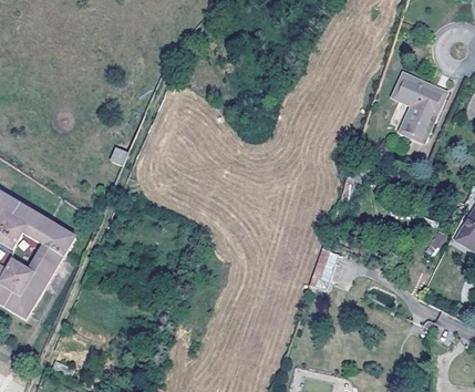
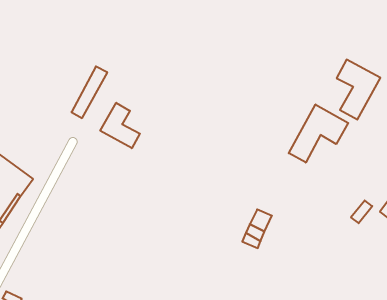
building: none -> [289,104,348,163]
building: none -> [100,103,140,148]

